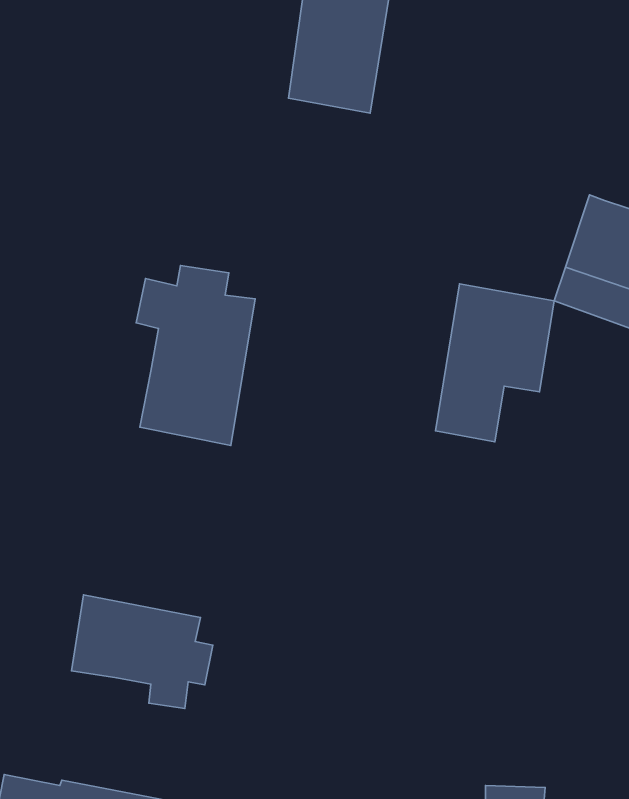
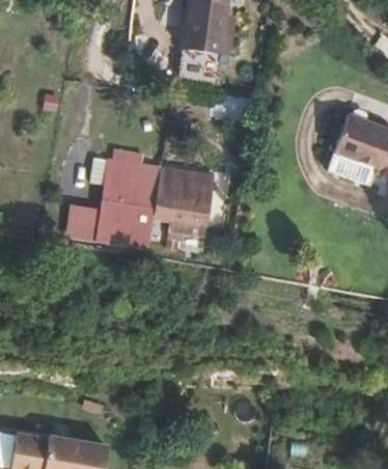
building: [435,284,554,442] -> [147,169,214,257]
building: none -> [66,203,103,241]
building: [72,595,213,708] -> none

